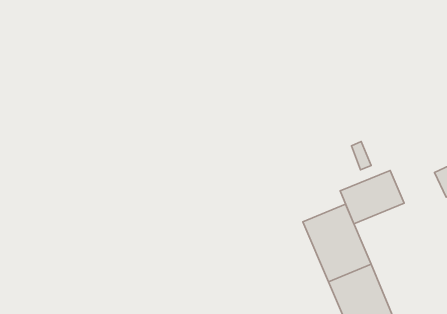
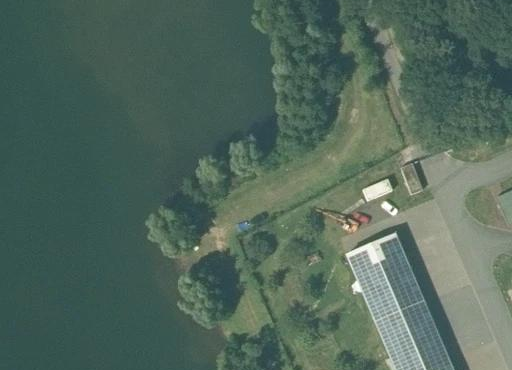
building: [340,170,404,224] -> none

